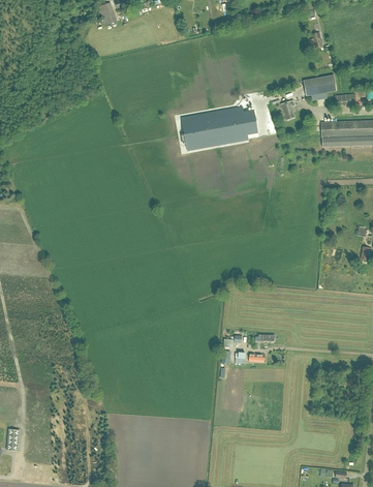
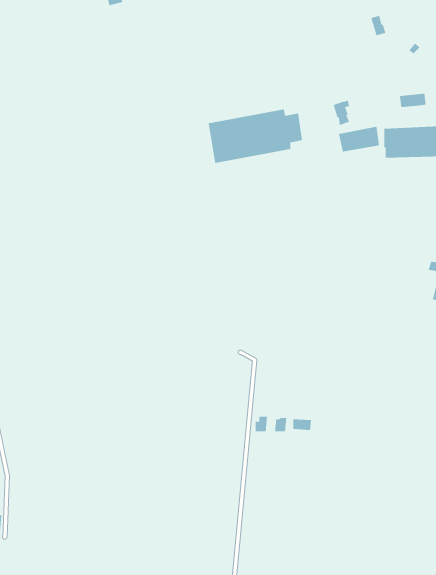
building: [302,74,335,95] -> [338,126,380,152]

